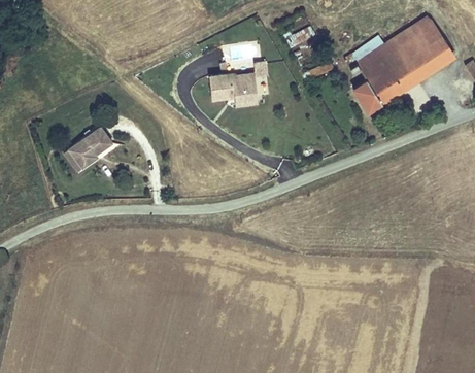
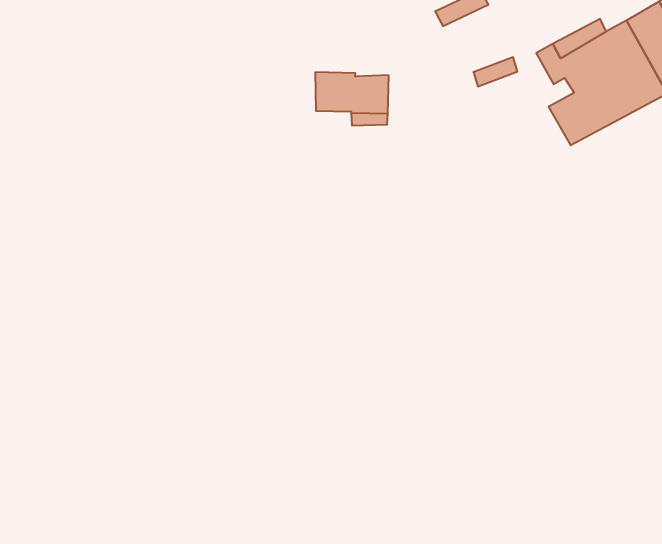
building: [67,128,113,172] -> none

